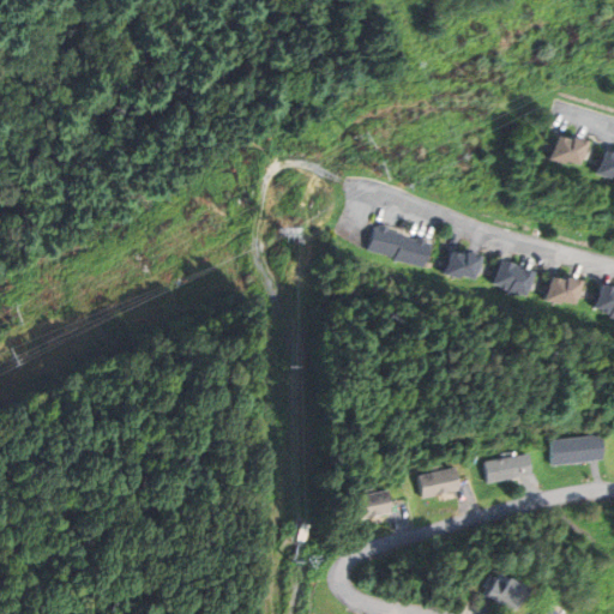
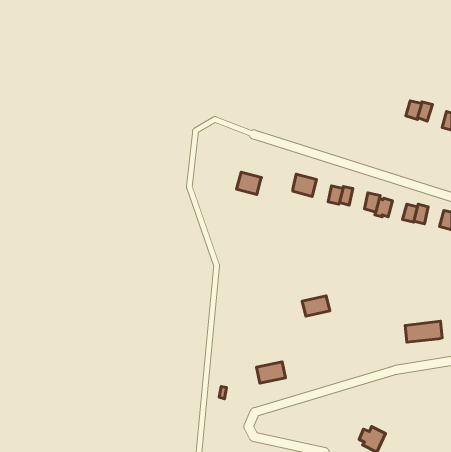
building: [371,227,404,257] -> [237,172,261,194]
building: [484,455,529,482] -> none
building: [419,469,456,496] -> [302,296,330,316]

